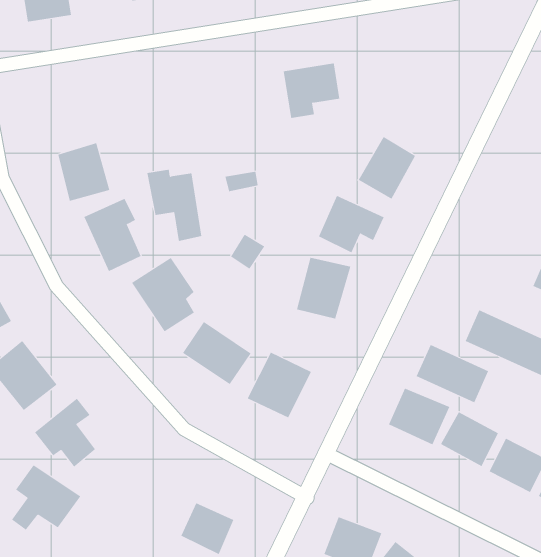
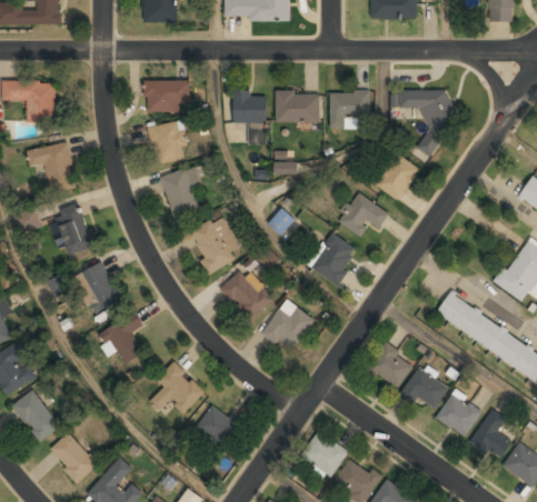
building: none -> [397,89,457,154]
building: none -> [275,91,318,121]
building: none -> [145,80,189,112]
building: [146,169,202,241] -> [231,90,266,145]
building: [416,344,489,403] -> none
building: [11,464,81,530] -> [149,362,205,413]

